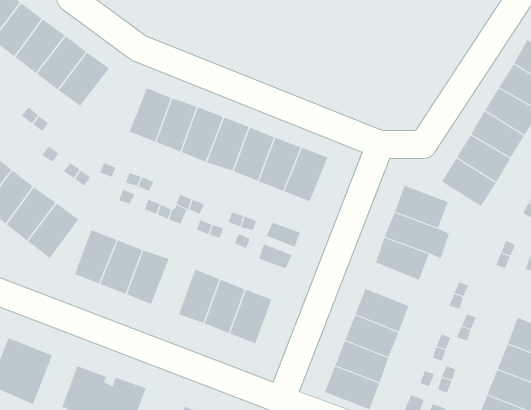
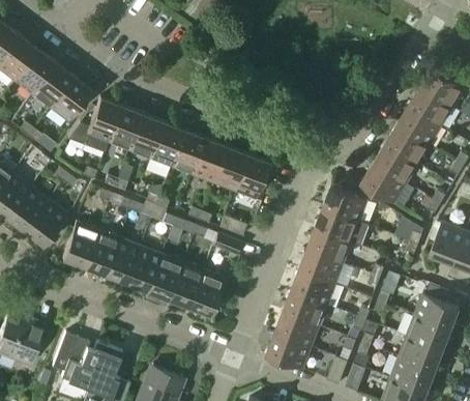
building: none -> [68,97,121,152]
building: none -> [125,246,160,291]
building: none -> [299,249,344,284]

